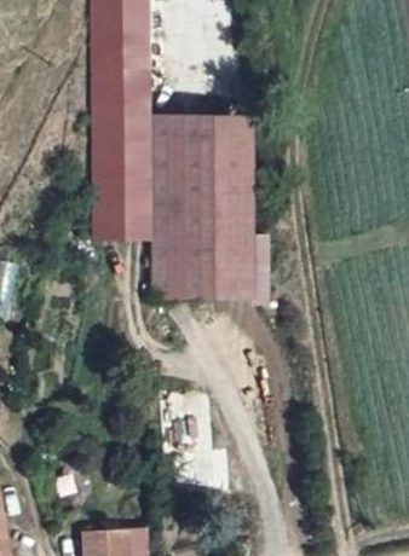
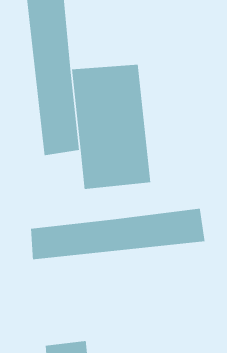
building: none -> [30,208,205,260]

